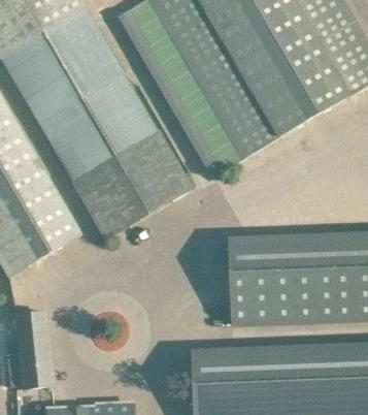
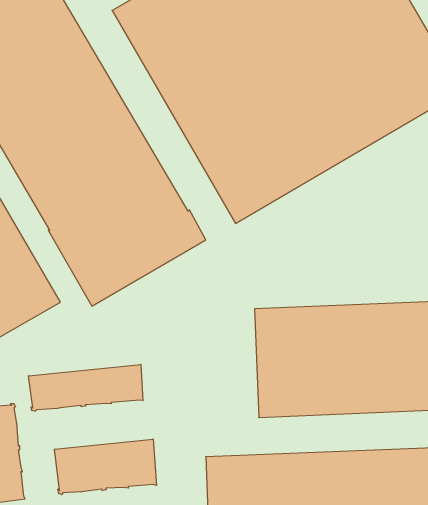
building: none -> [29,364,143,411]
building: none -> [54,439,156,495]

